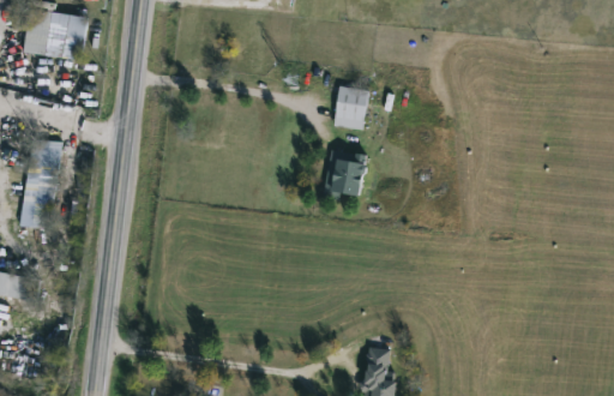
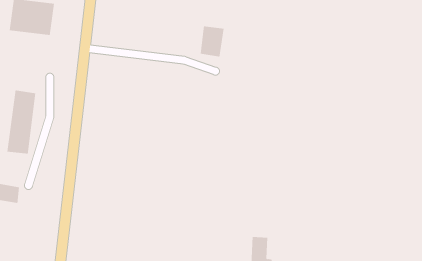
building: [333,85,368,130] -> [200,26,225,57]
building: [324,150,365,199] -> none

